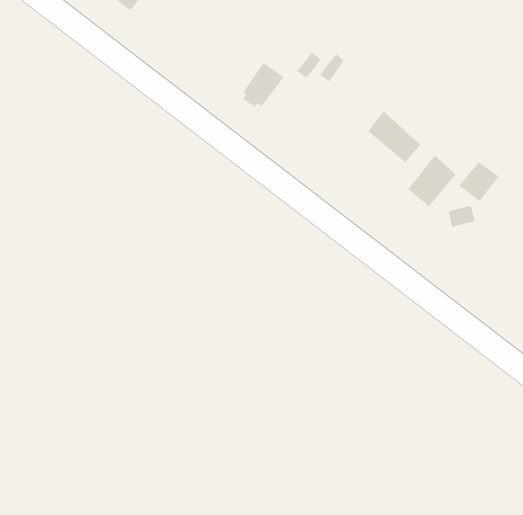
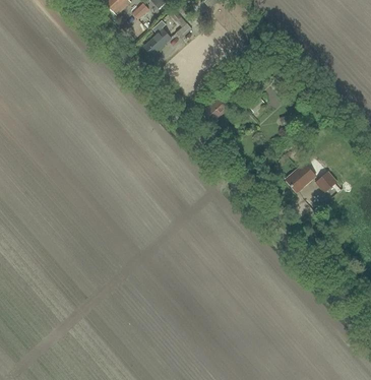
building: [368,110,421,163] -> none

